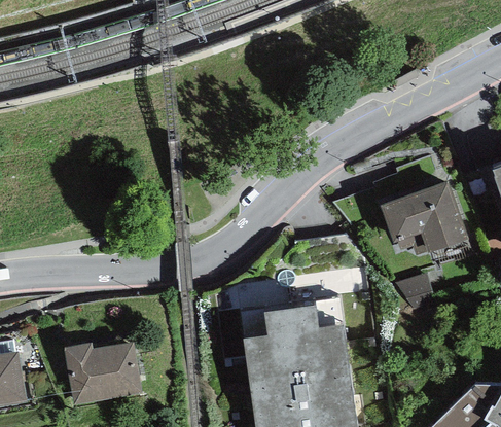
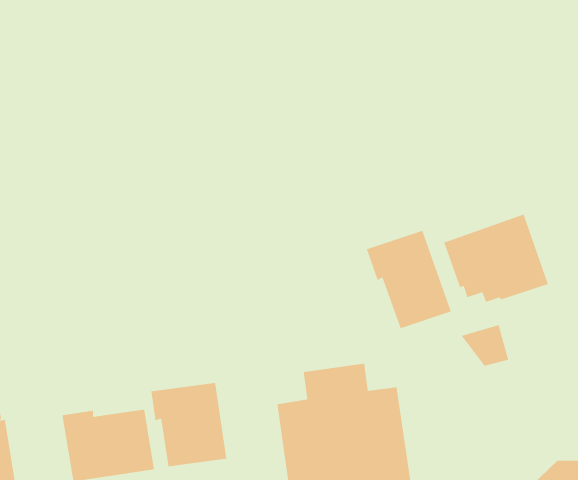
building: none -> [366,230,452,329]
building: none -> [151,382,227,467]

